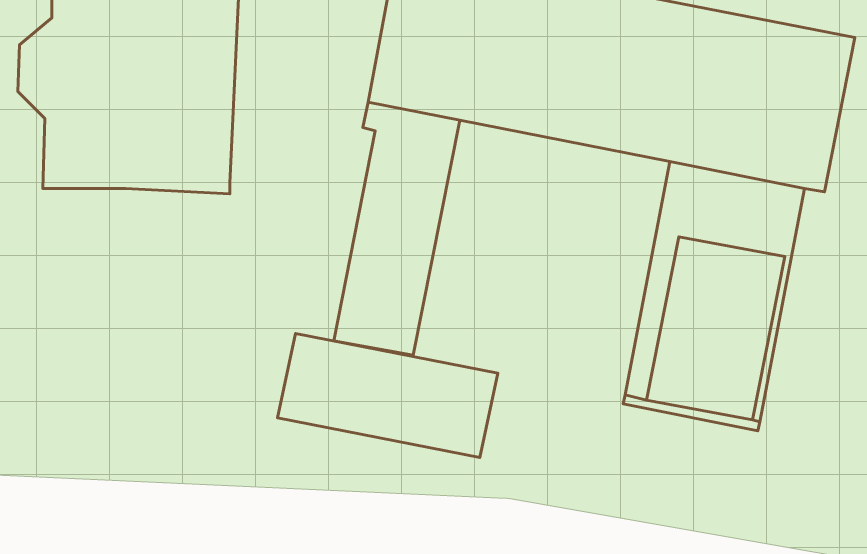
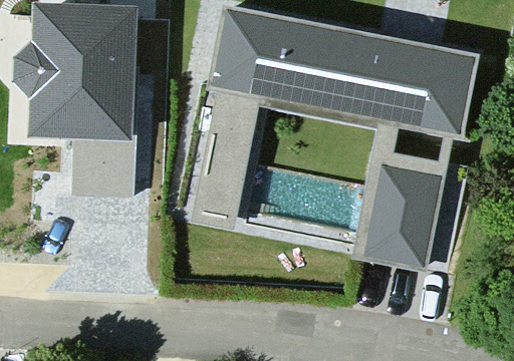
building: none -> [69,135,136,199]
building: [278,333,498,457] -> none

